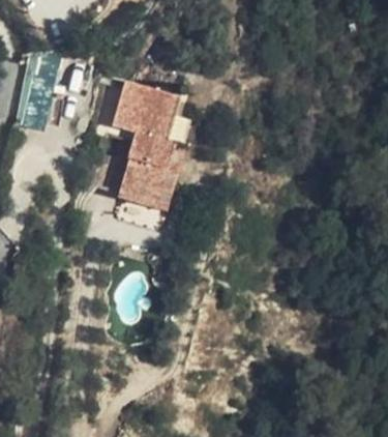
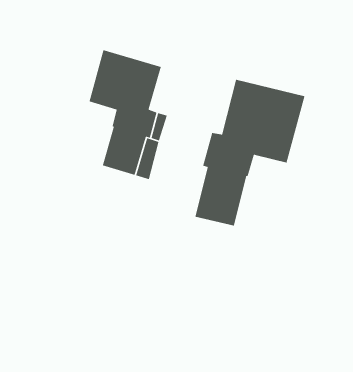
building: none -> [194,79,305,227]

